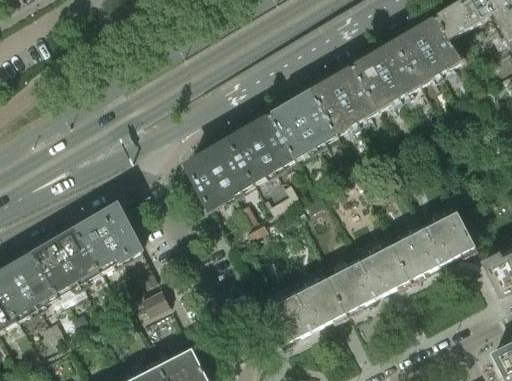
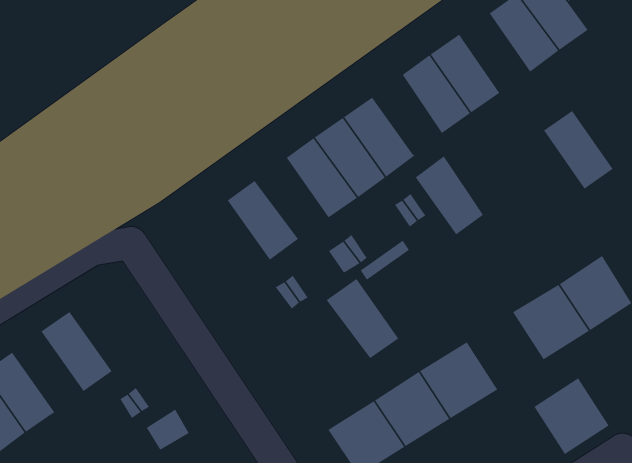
building: [373,42,418,96] -> [543,110,614,189]
building: [311,78,355,132] -> [415,156,484,235]
building: [227,127,274,182] -> [326,278,399,359]
building: [185,152,232,209] -> none
building: [95,204,139,260] -> none
building: [54,229,99,284] -> none
building: [360,244,410,295] -> [534,378,610,455]

